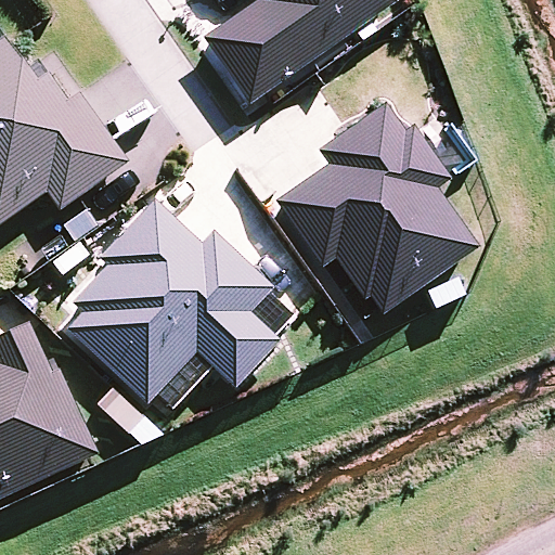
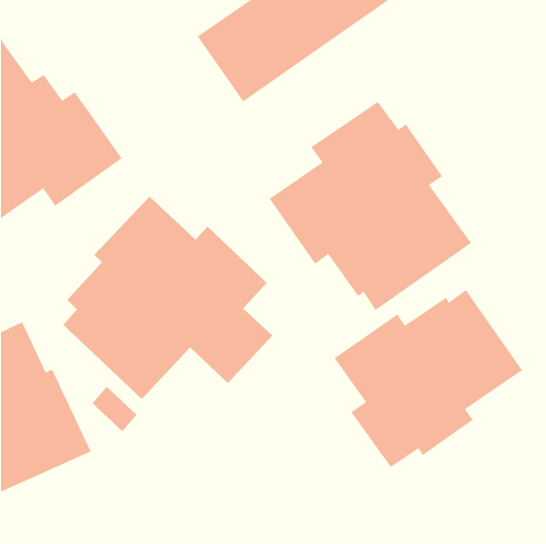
building: none -> [334,289,523,468]

